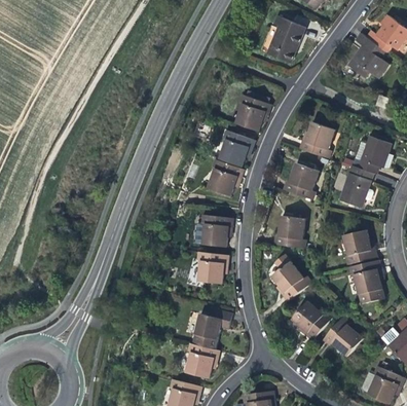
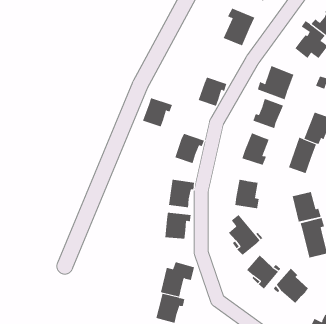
building: none -> [257,65,294,100]
building: [220,133,255,167] -> [142,98,173,127]

